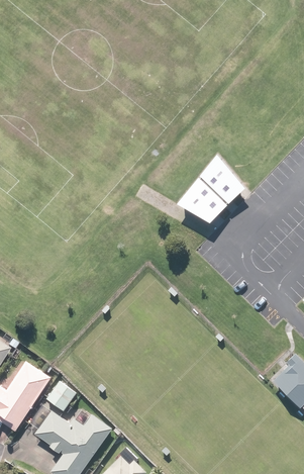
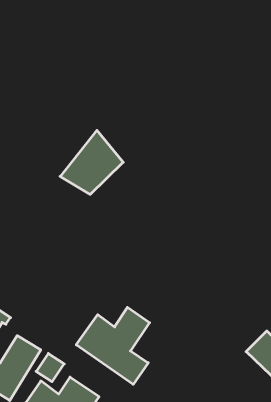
building: [178,155,245,223] -> [60,130,123,194]
building: none -> [76,307,150,384]

